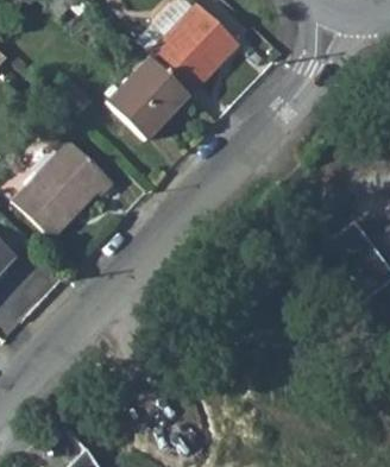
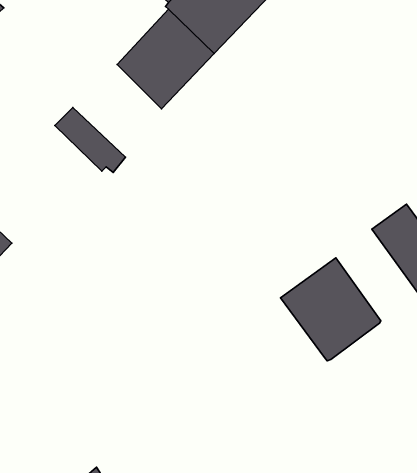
building: [12,157,93,239] -> none
building: none -> [281,258,381,361]

